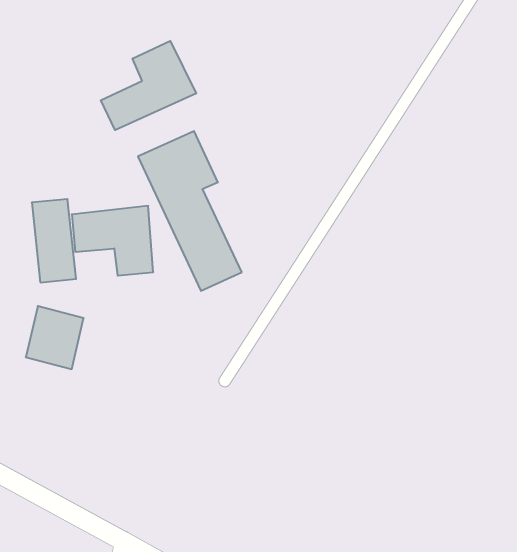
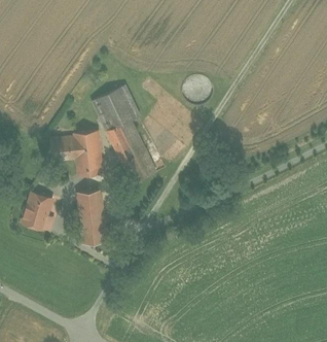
building: [101,41,196,130] -> none
building: [32,199,76,282] -> [77,190,104,240]

